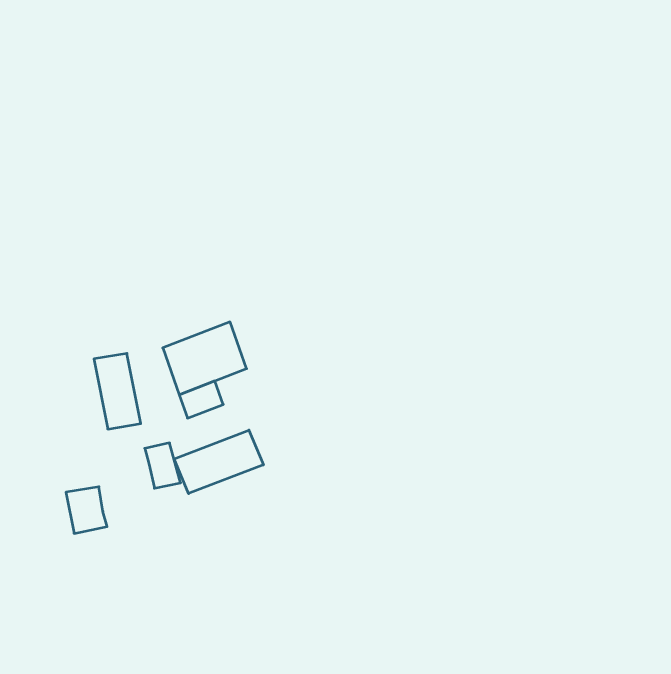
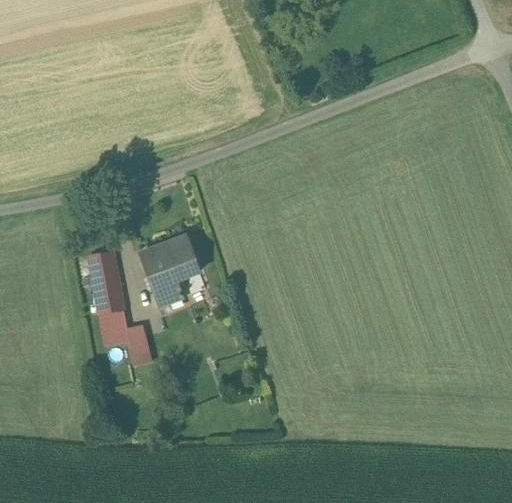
building: [174,430,263,494] -> none
building: [66,487,107,533] -> [99,310,129,344]

